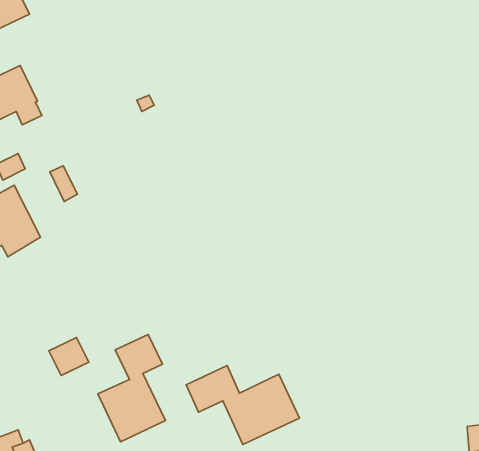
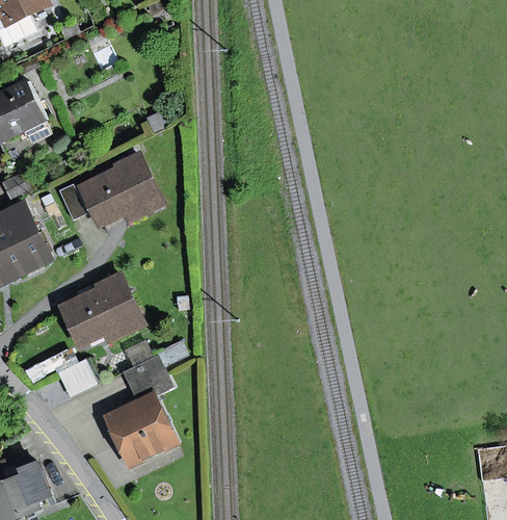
building: none -> [81,156,161,222]
building: none -> [62,277,141,341]
building: [186,366,299,444] -> none

